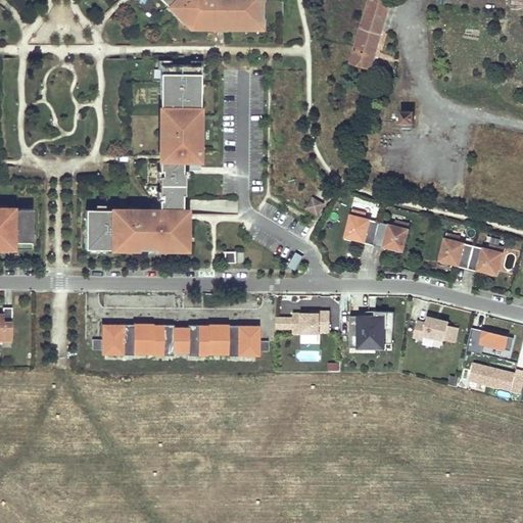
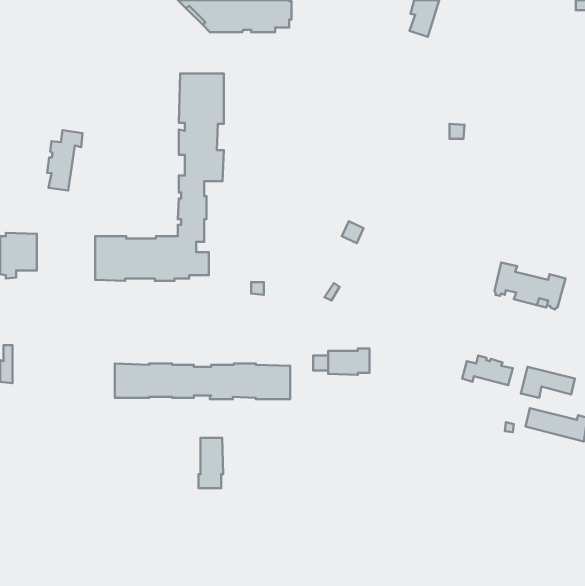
building: [351,12,382,69] -> none
building: none -> [47,130,83,191]
building: [346,210,411,252] -> none
building: [349,311,393,347] -> none
building: none -> [198,438,223,488]

